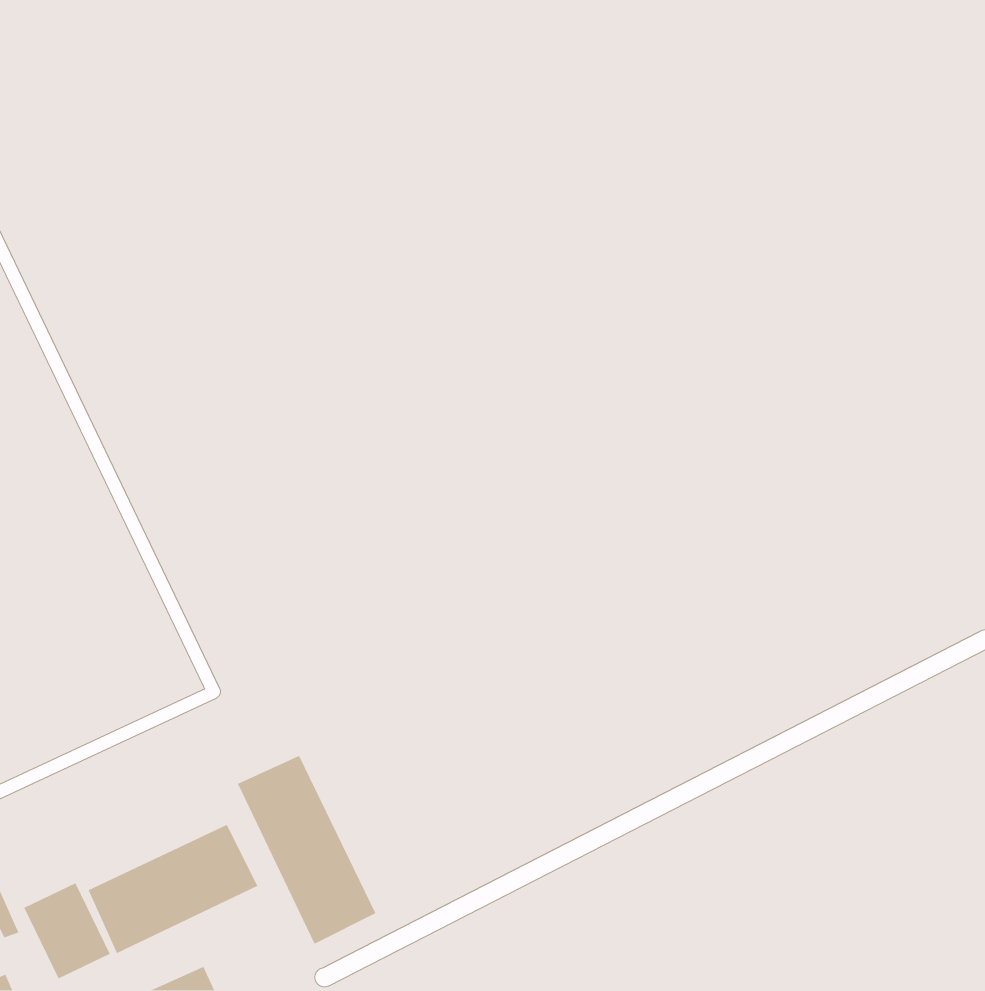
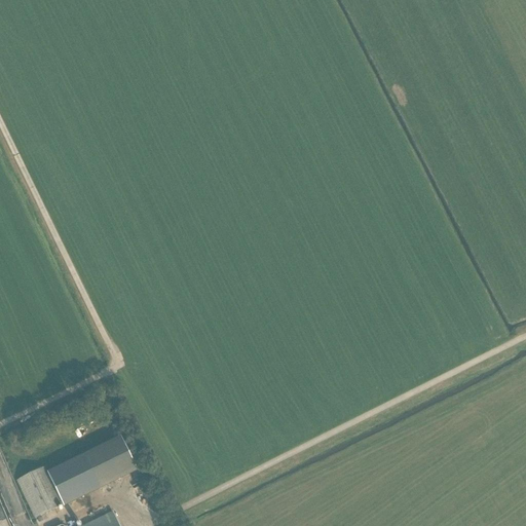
building: [237,755,376,945] -> none

